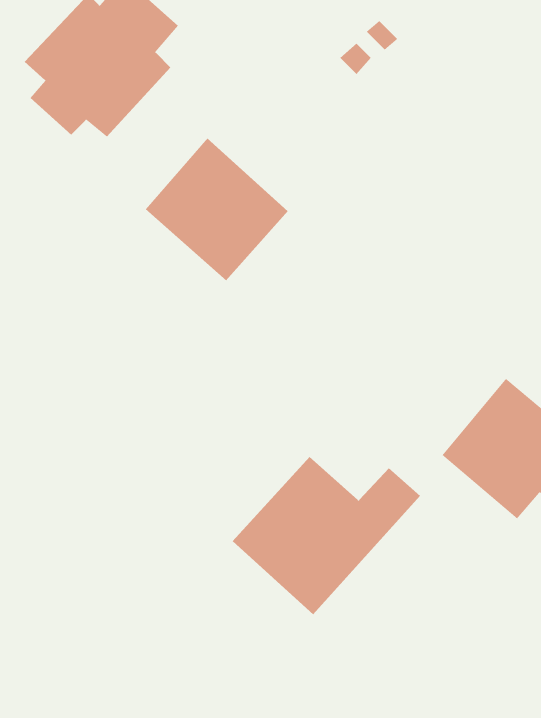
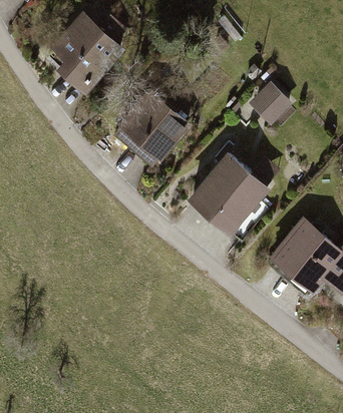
building: none -> [249,82,294,127]
building: [232,456,421,615] -> [183,151,283,236]

